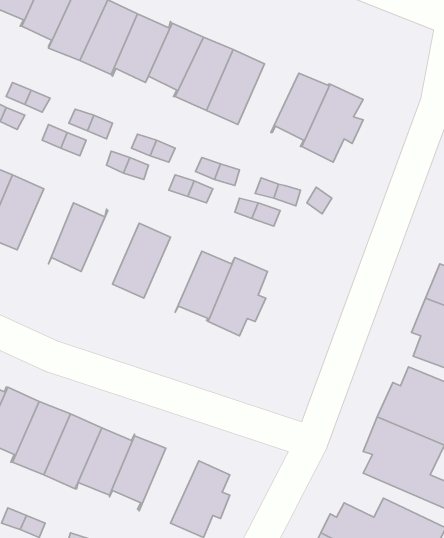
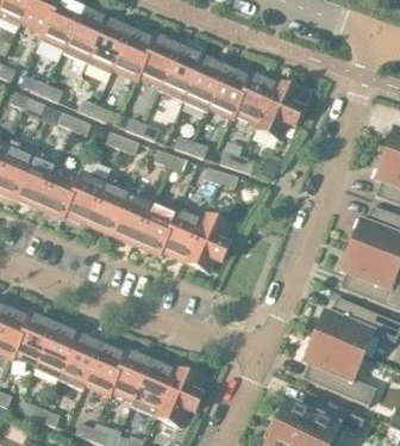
building: none -> [206,64,252,117]
building: none -> [38,160,81,217]
building: none -> [87,176,131,233]
building: none -> [135,197,179,254]
building: none -> [131,358,176,415]

